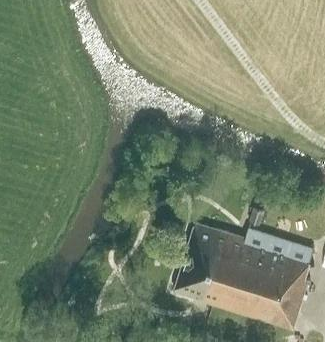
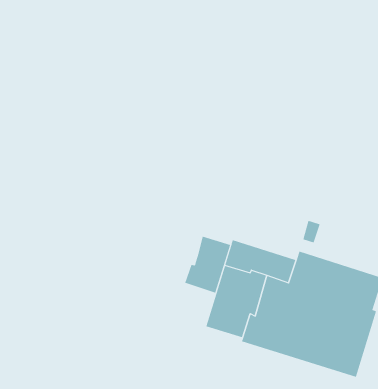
building: none -> [185,236,231,293]

